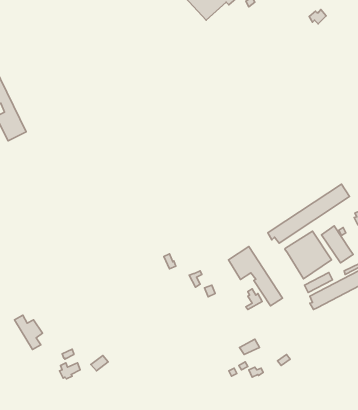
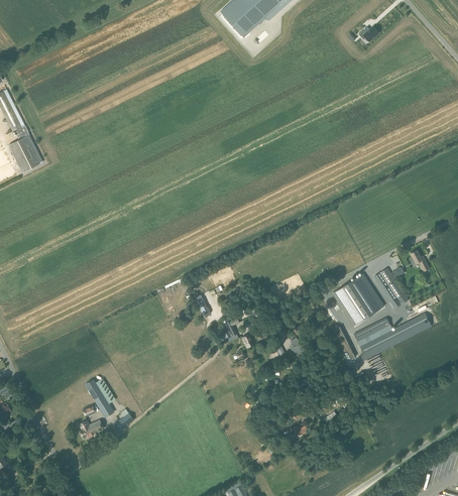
building: [268,184,349,243] -> none
building: [228,246,283,306] -> none
building: [15,315,42,349] -> [85,378,116,416]

